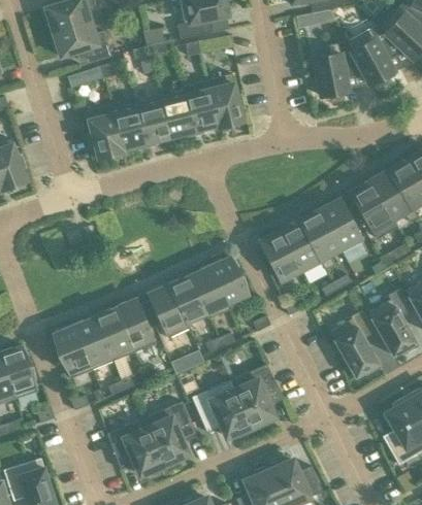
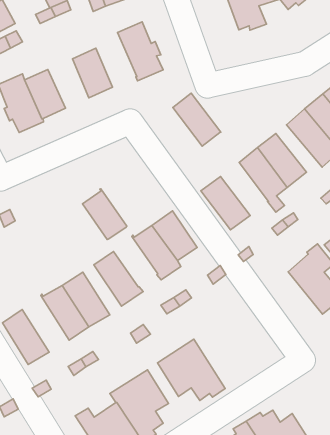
building: [183,80,219,131] -> none
building: [136,98,170,143] -> none
building: [282,222,323,273] -> [173,93,221,146]
building: [169,274,207,323] -> [83,189,127,239]
building: [74,315,113,370] -> none
building: [231,365,283,432] -> none

